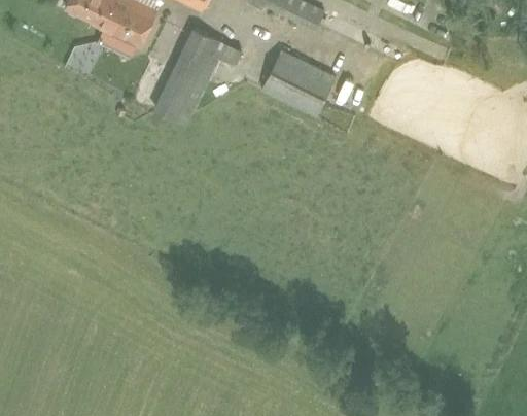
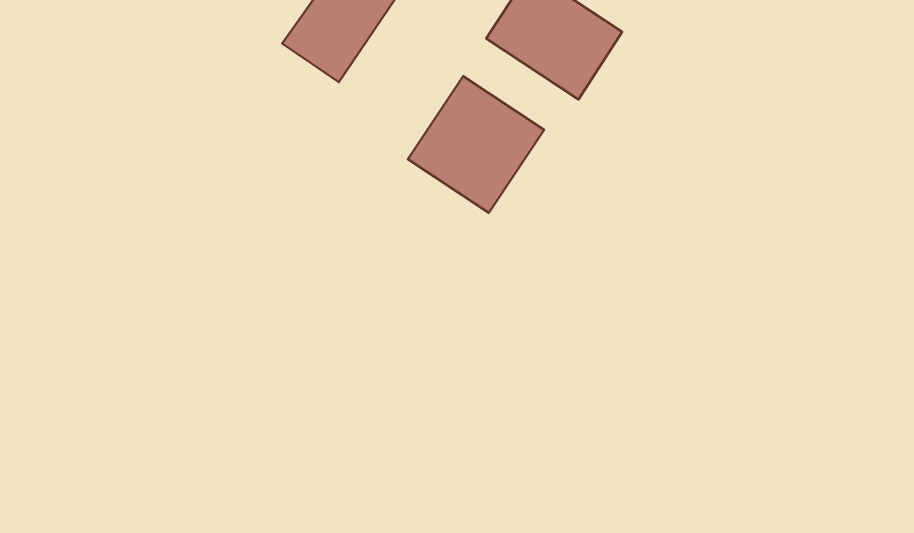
building: none -> [408,76,544,213]

